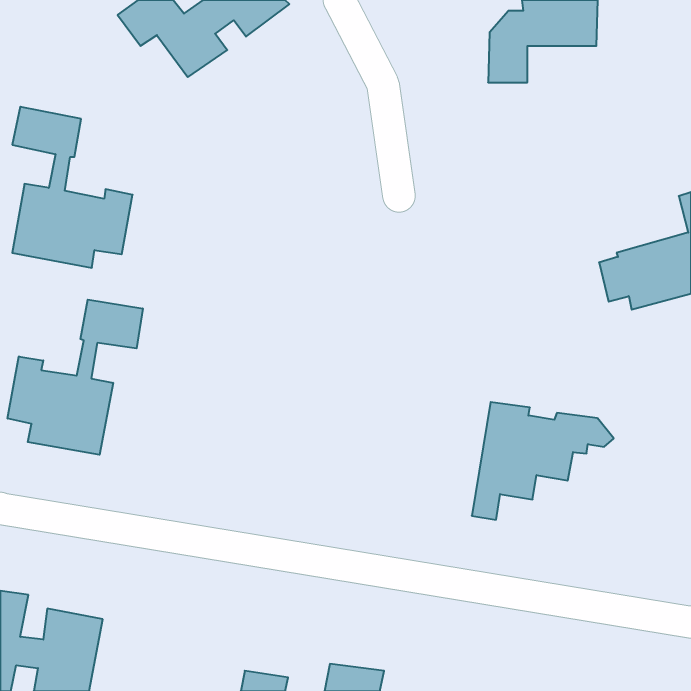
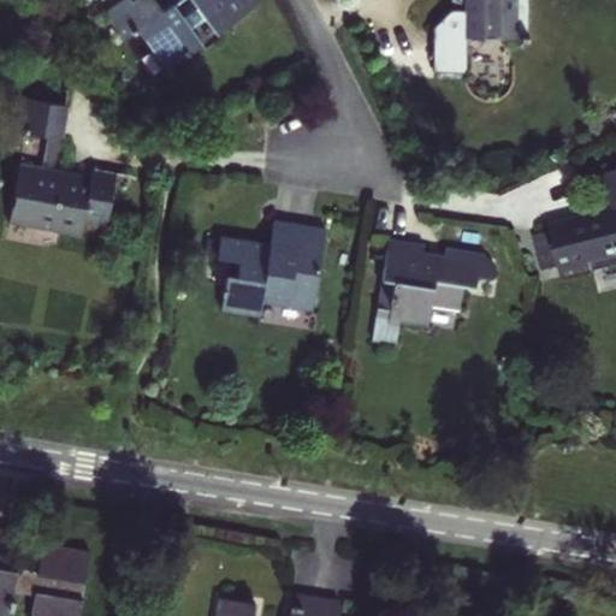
building: none -> [218,220,326,320]
building: [8,300,143,455] -> none
building: [472,402,614,520] -> [373,241,499,345]

